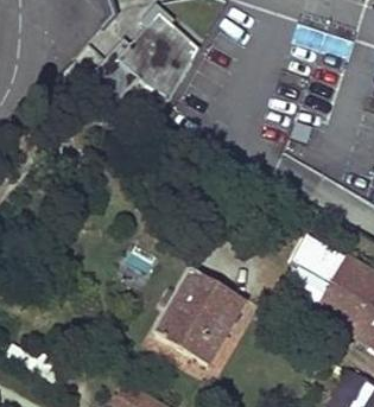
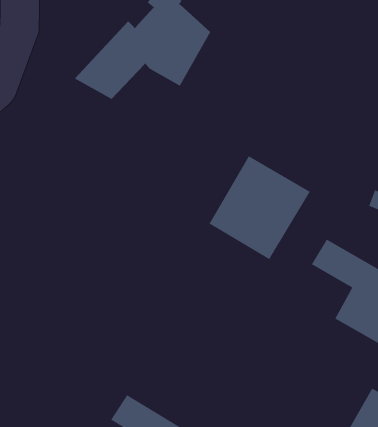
building: [154,265,248,361] -> [208,155,311,260]

